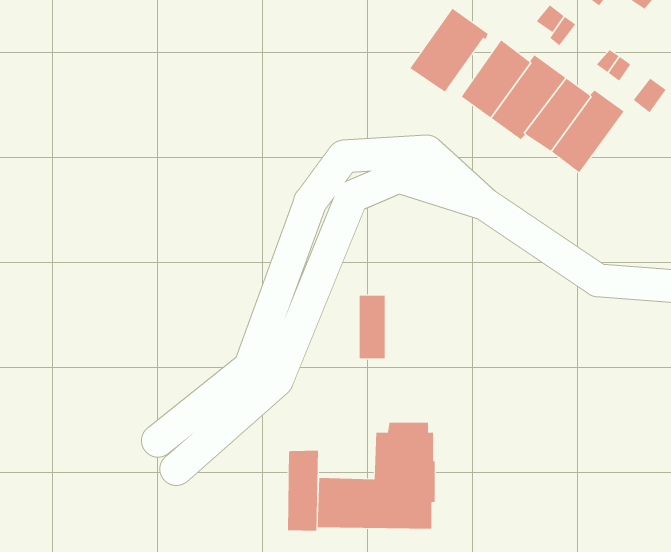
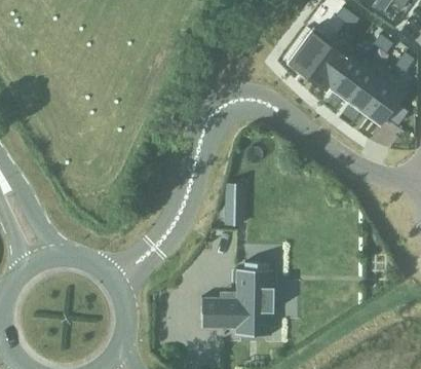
building: [410,8,489,92] -> none
building: none -> [361,73,408,124]
building: [288,450,319,531] -> none

